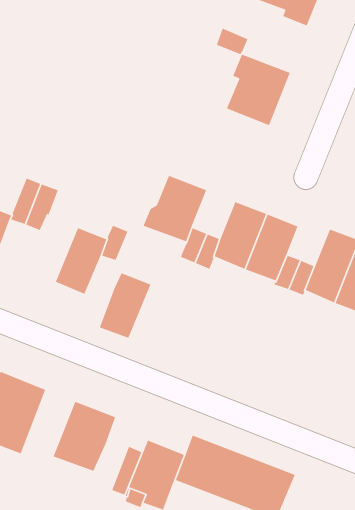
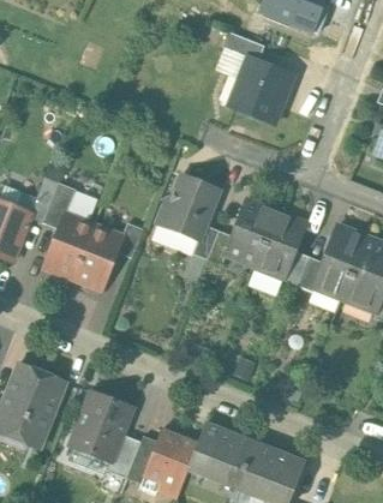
building: [99,272,151,339] -> [43,212,94,277]
building: none -> [106,433,140,478]

